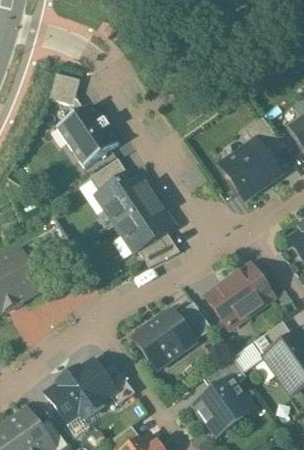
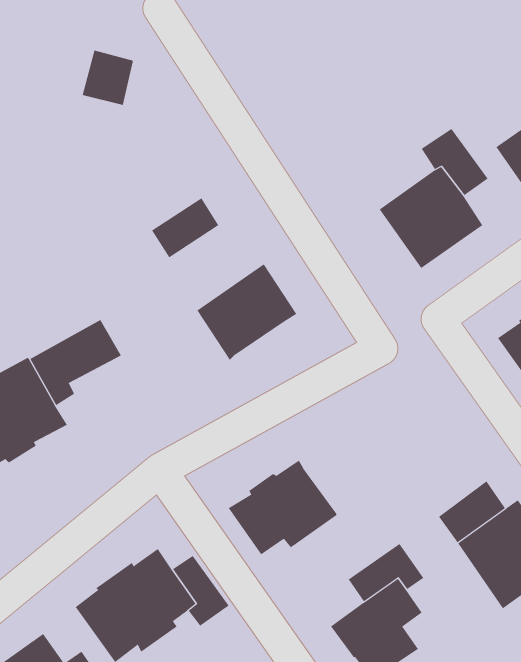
building: [60,103,117,167] -> none
building: [95,169,153,223] -> none
building: [136,230,178,266] -> none
building: [204,264,273,329] -> none
building: [176,302,211,340] -> none

